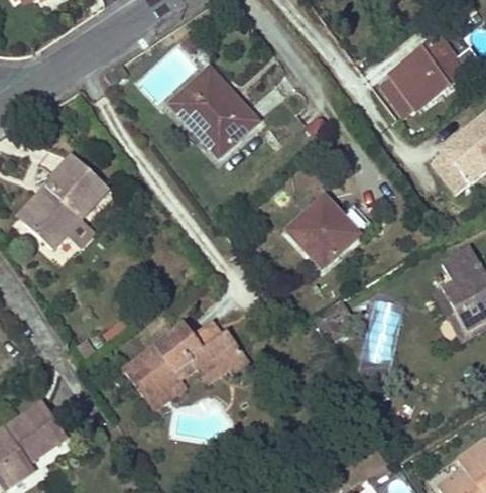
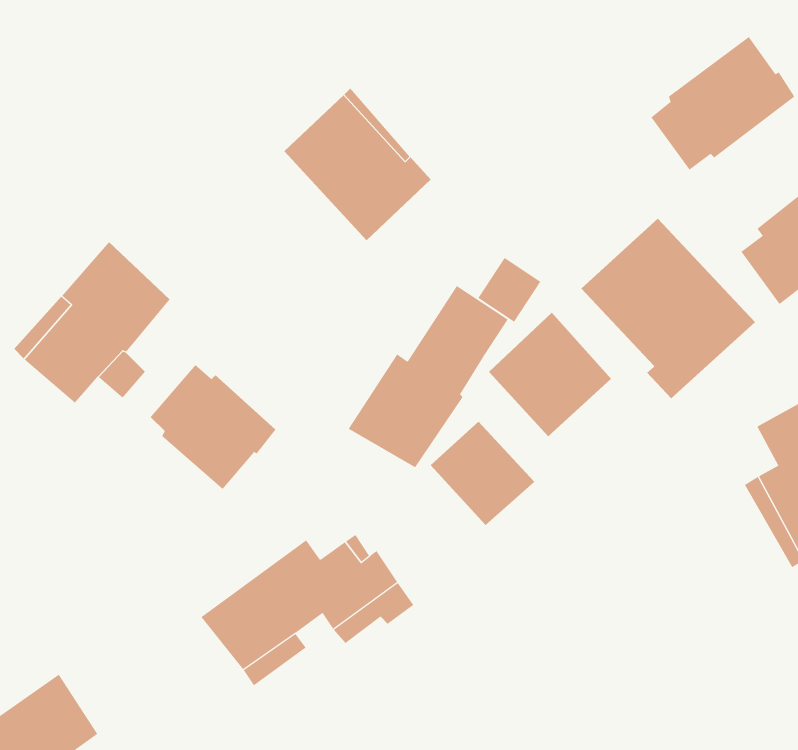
building: none -> [581,218,756,399]
building: none -> [348,285,508,468]
building: none -> [150,364,276,490]
building: none -> [430,421,535,526]

